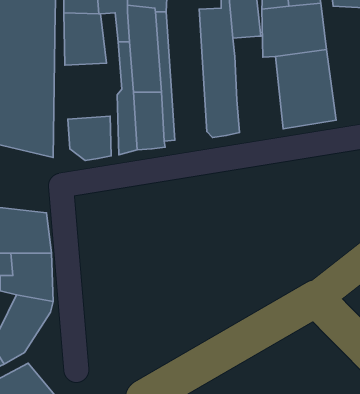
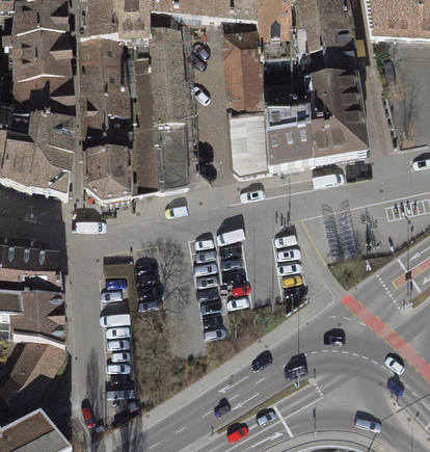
building: none -> [263,85,313,170]
building: none -> [78,92,127,153]

